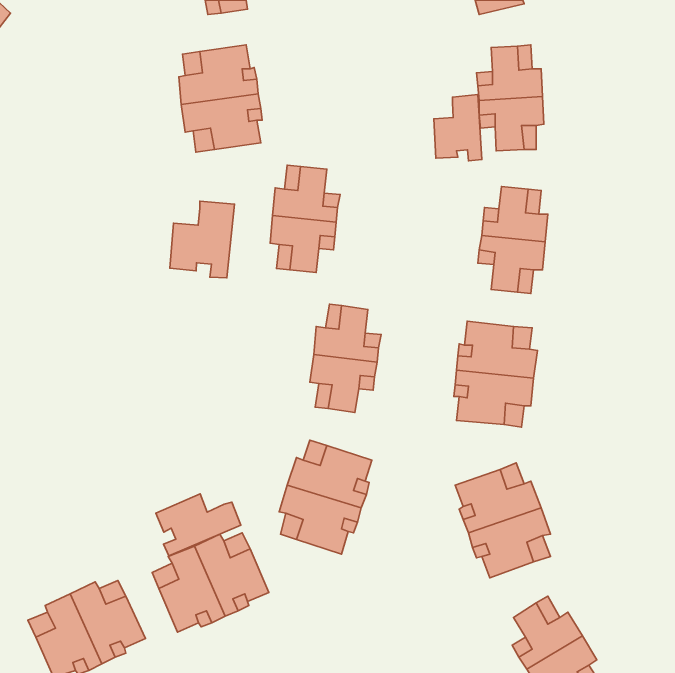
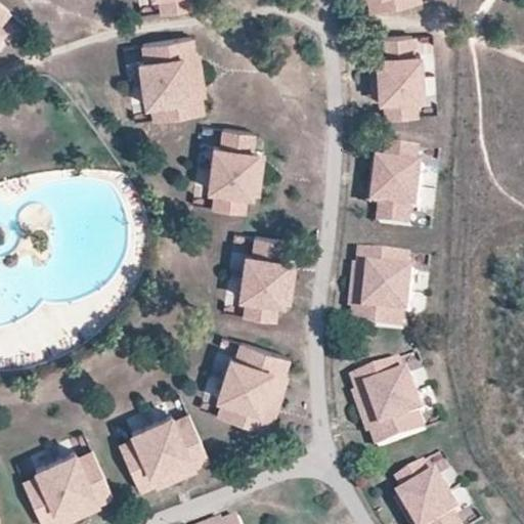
building: [434,95,482,161] -> none
building: [170,201,234,278] -> none
building: [156,494,241,556] -> none

